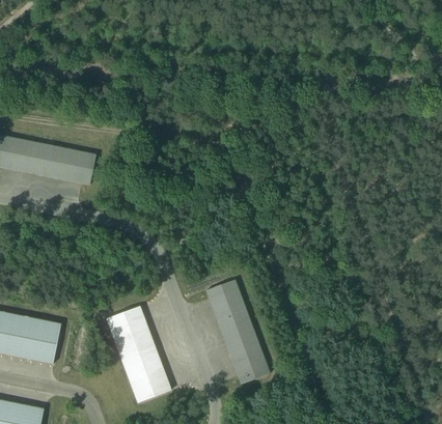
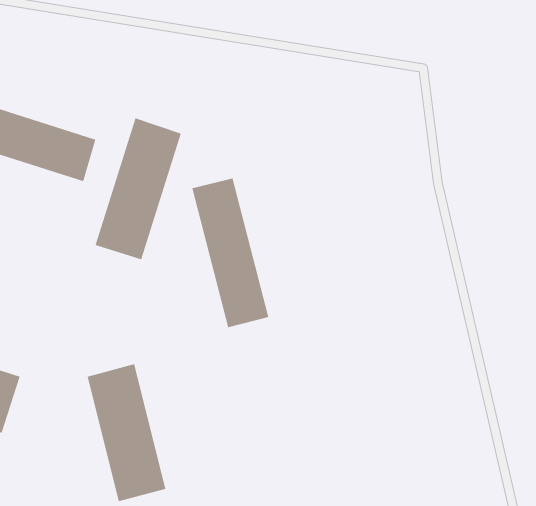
building: none -> [95,118,181,260]
building: [206,280,270,384] -> [192,178,269,328]

